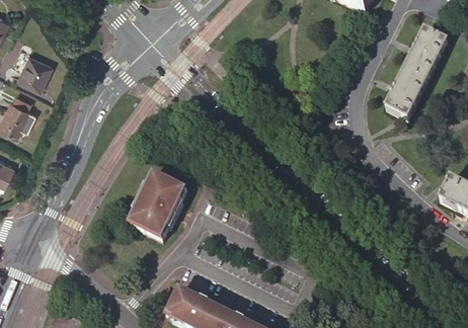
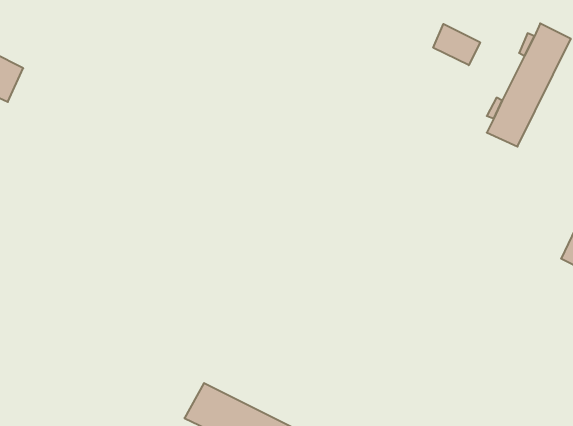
building: none -> [433,24,480,65]
building: [127,174,185,239] -> none

